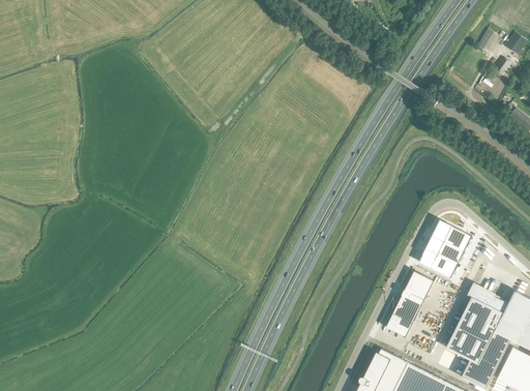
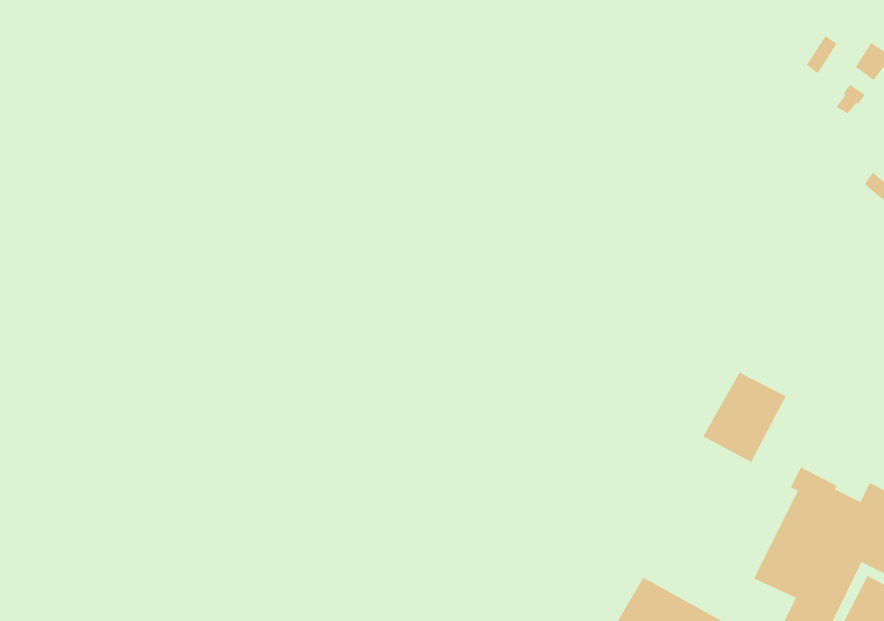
building: [385,272,433,337] -> none

